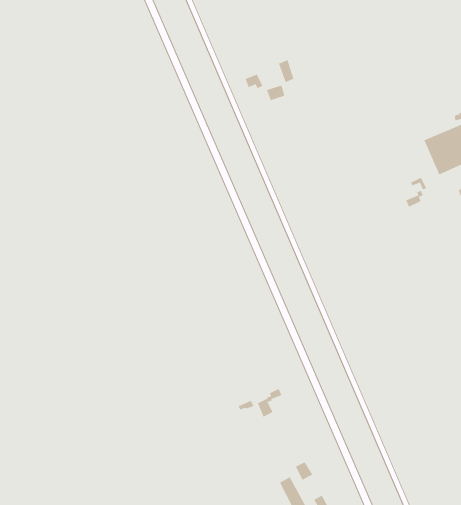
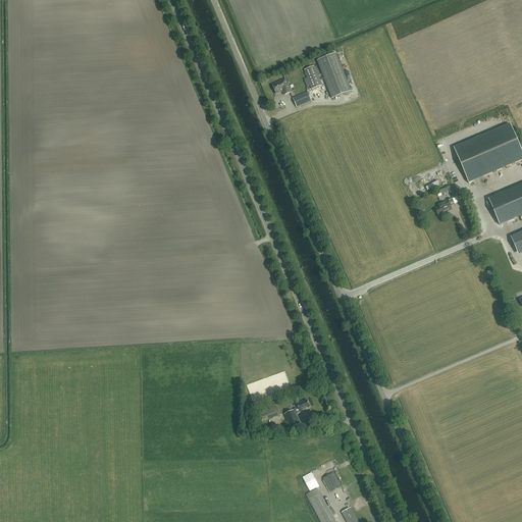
building: none -> [318,52,351,97]

